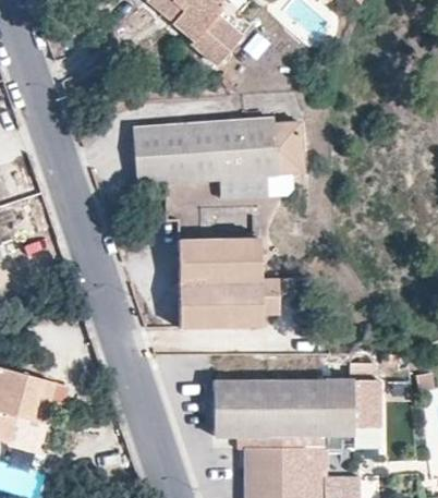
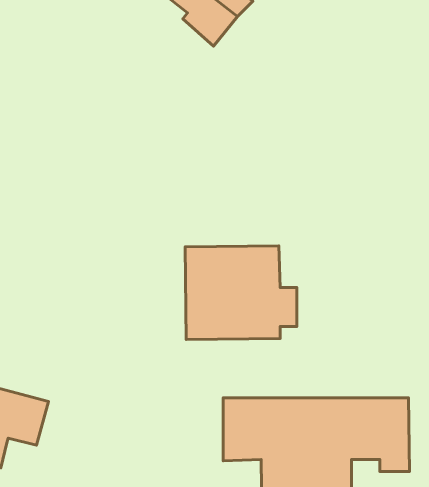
building: [134,114,306,202] -> none

